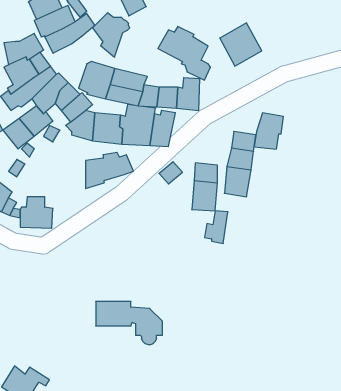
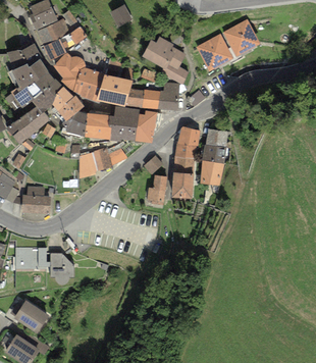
building: none -> [222,19,260,57]
building: [92,13,130,57] -> [53,52,86,91]
building: [254,113,283,149] -> [174,126,200,158]
building: [205,211,228,243] -> [146,175,166,204]
building: [96,301,162,345] -> [15,247,73,284]
building: none -> [14,300,49,333]

